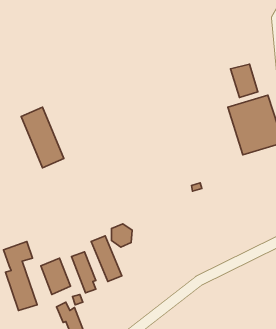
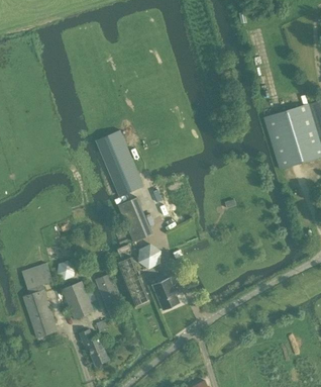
building: [230,64,258,98] -> none
building: [21,107,64,168] -> [96,130,142,196]
building: none -> [119,197,153,241]
building: none -> [151,277,180,310]

